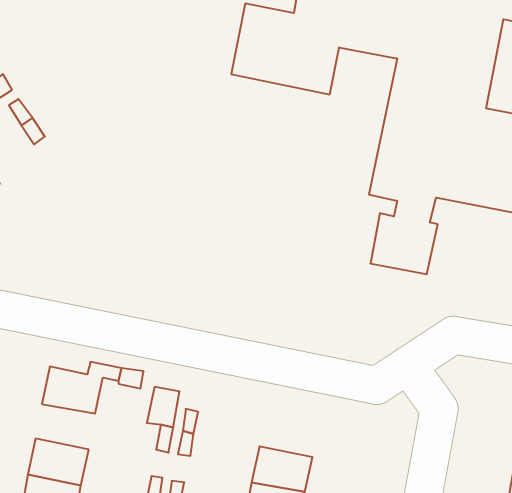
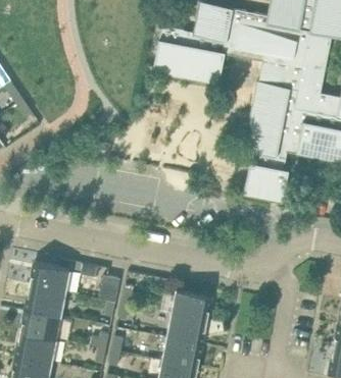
building: none -> [27,288,65,318]
building: none -> [161,291,211,323]

